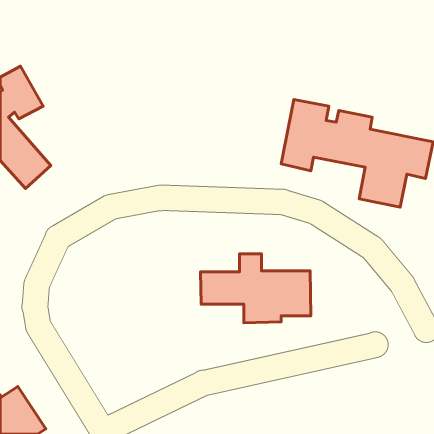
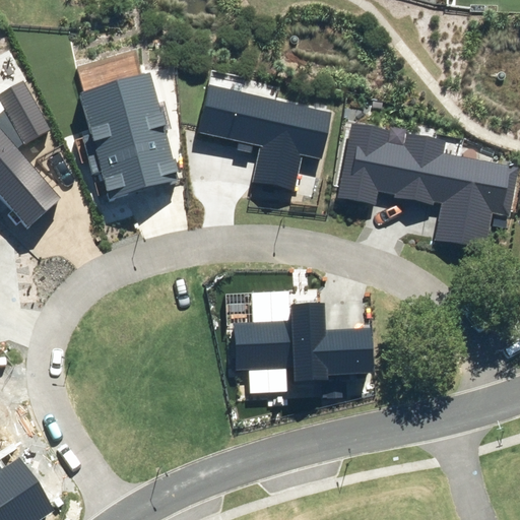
building: none -> [68,69,177,198]
building: none -> [195,83,333,186]

